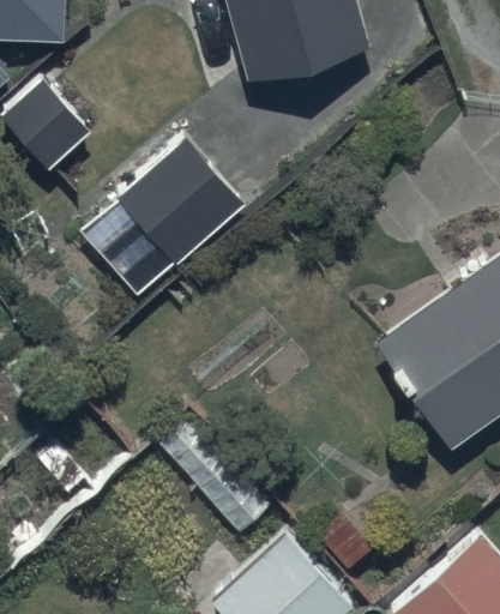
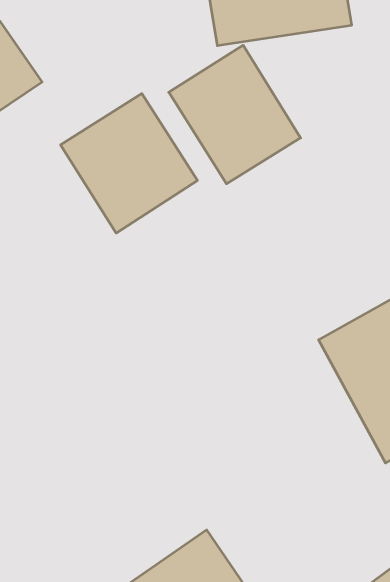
building: none -> [169,45,301,184]

